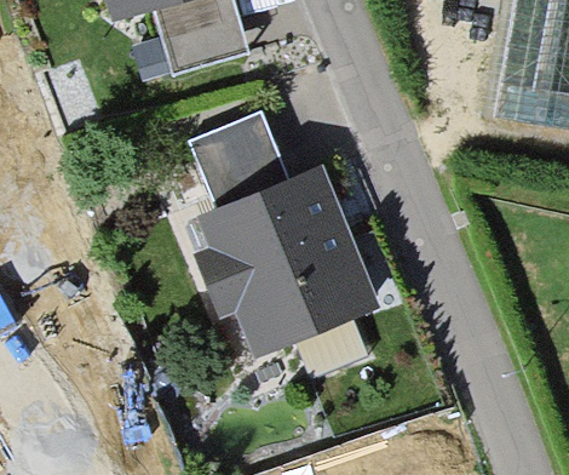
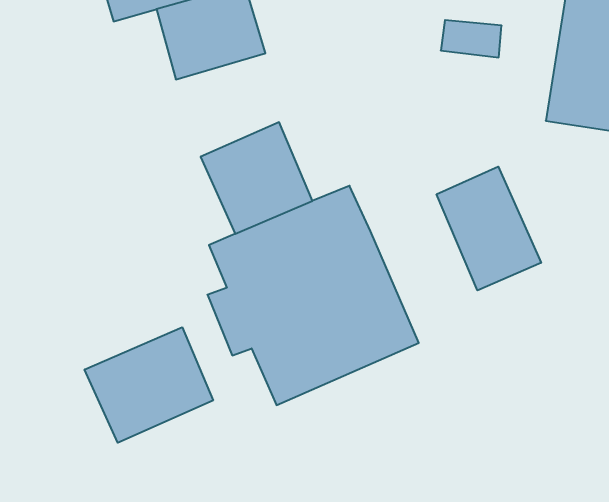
building: none -> [437,167,541,290]
building: none -> [85,327,213,443]

